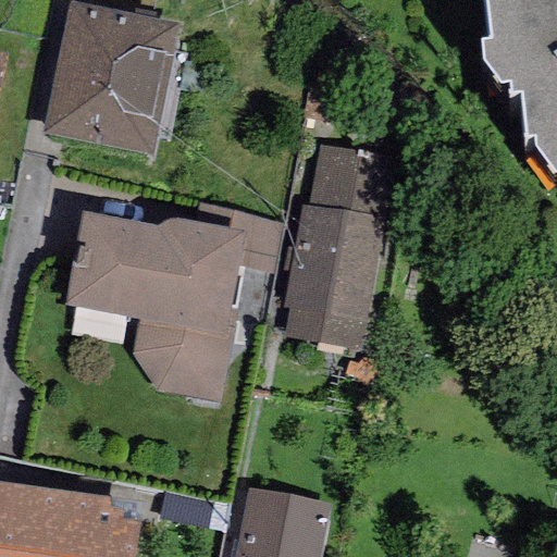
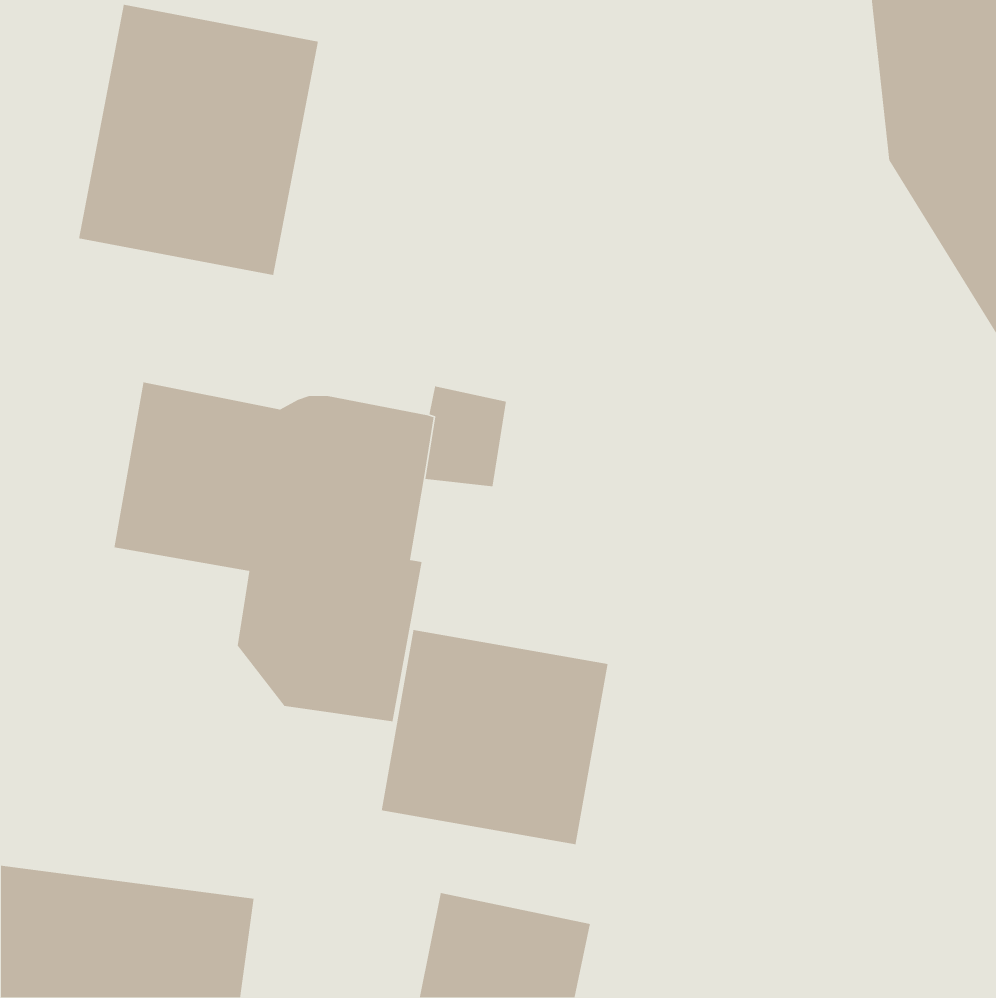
building: [284,145,397,350] -> none
building: none -> [381,629,608,845]

